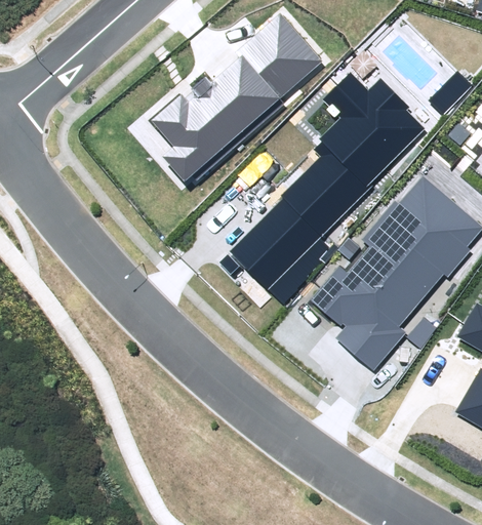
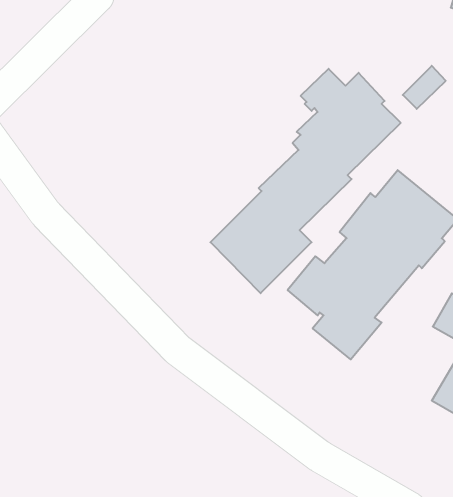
building: [150,12,322,181] -> none

